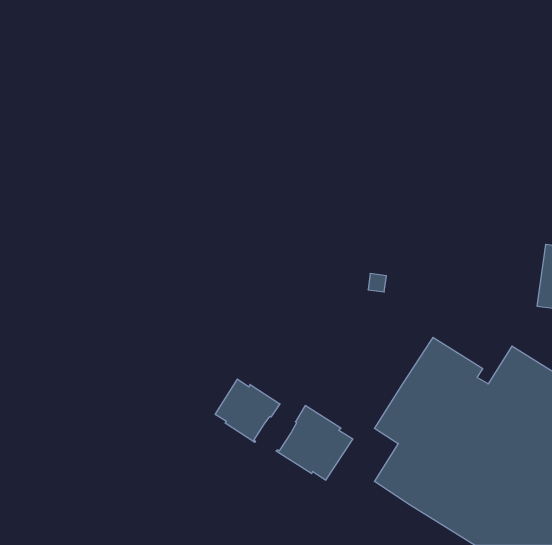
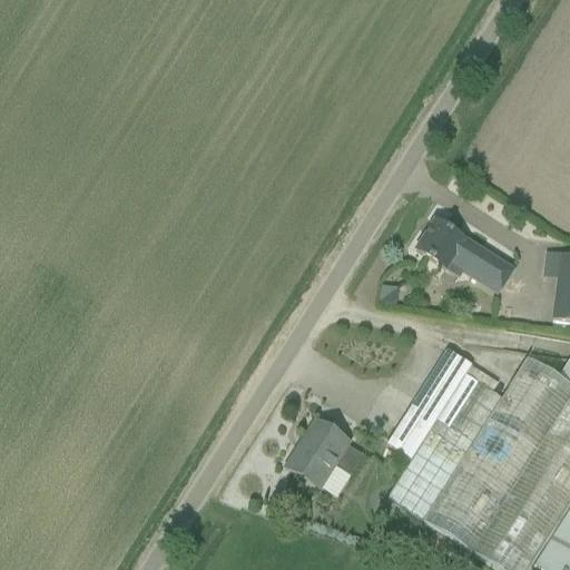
building: none -> [416,217,513,292]
building: [215,379,280,442] -> none

